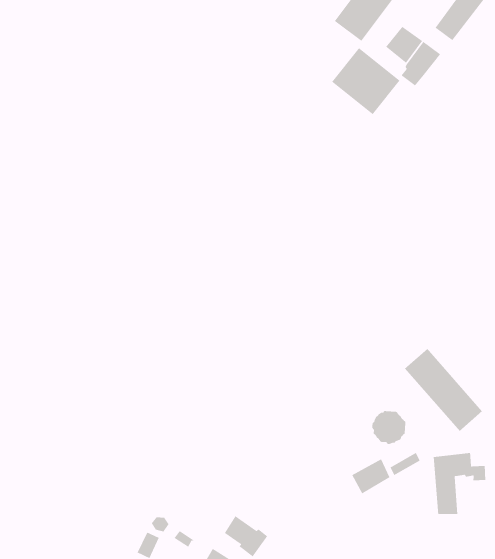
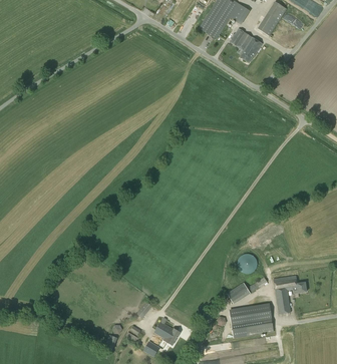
building: [331,47,401,115] -> none
building: [404,348,483,432] -> none
building: none -> [229,303,274,337]

